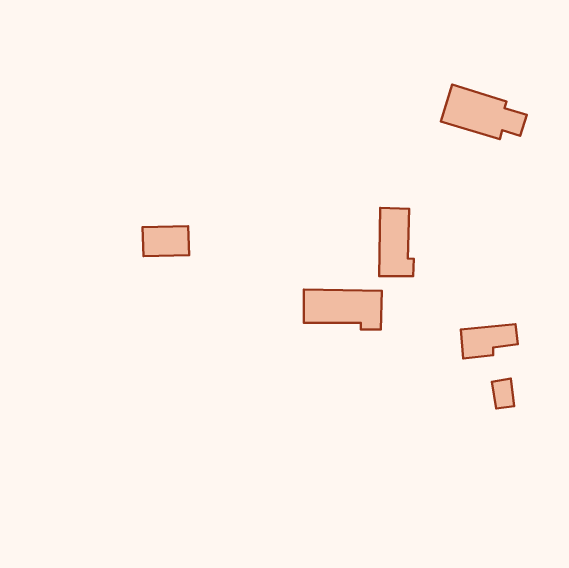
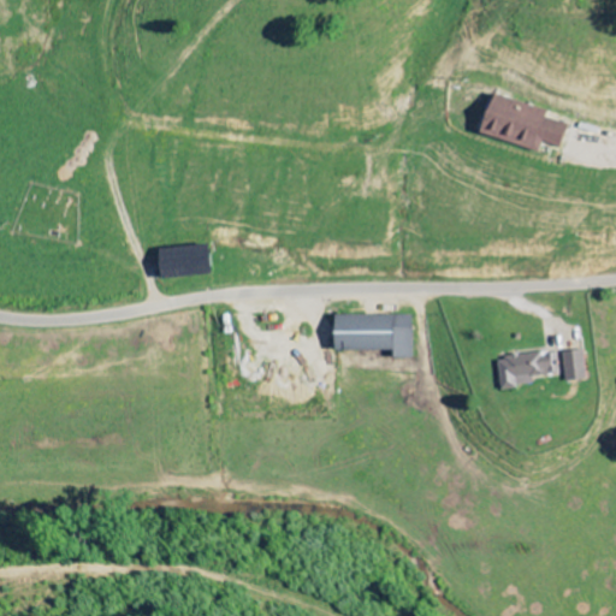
building: [379,208,414,276] -> none
building: [492,378,514,408] -> [563,348,587,380]

